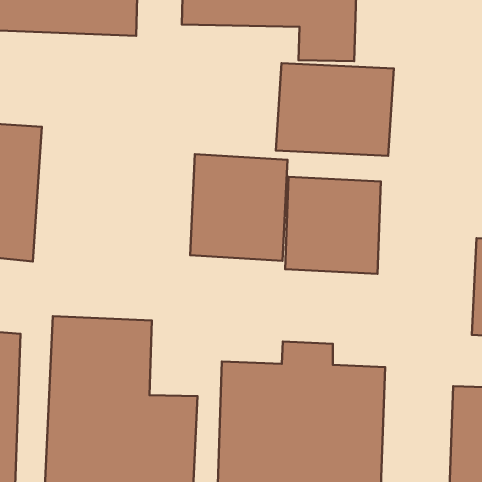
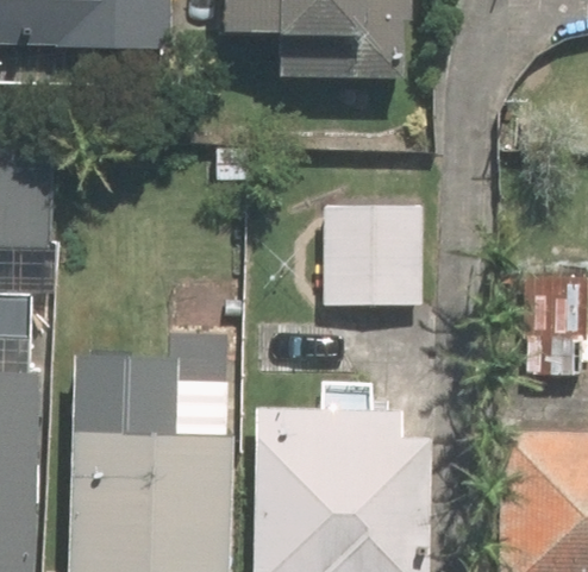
building: [276,63,394,156] -> none
building: [190,154,288,261] -> none

